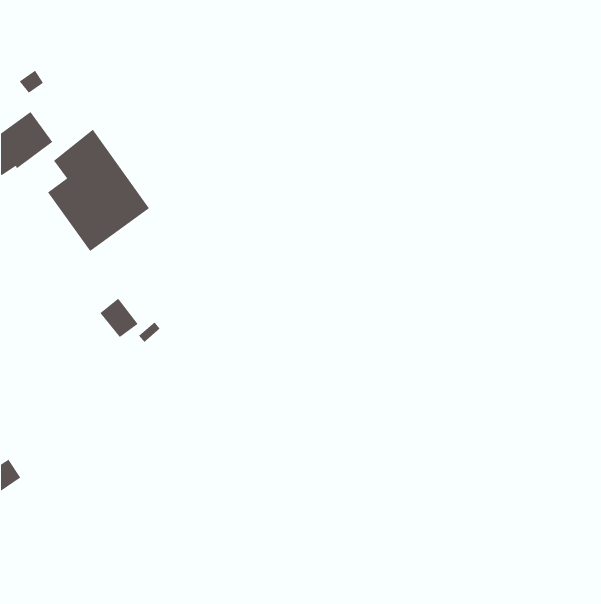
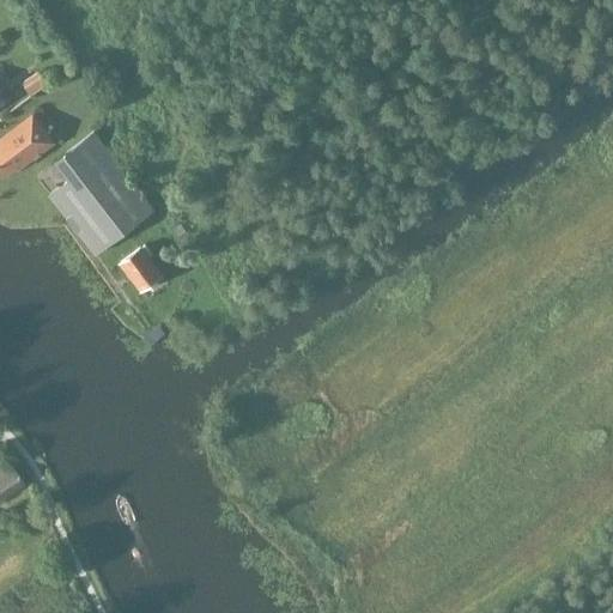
building: [100,298,139,338] -> [122,249,162,290]

